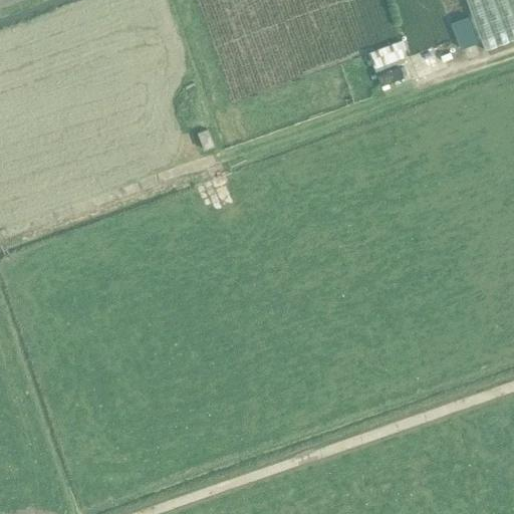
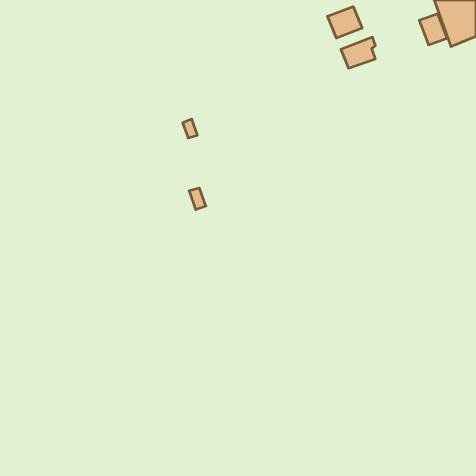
building: none -> [327,7,362,38]

